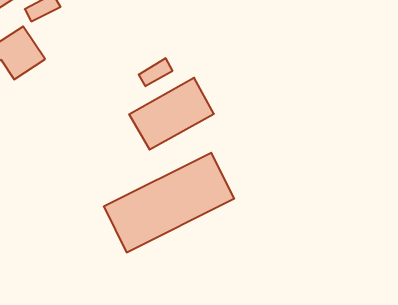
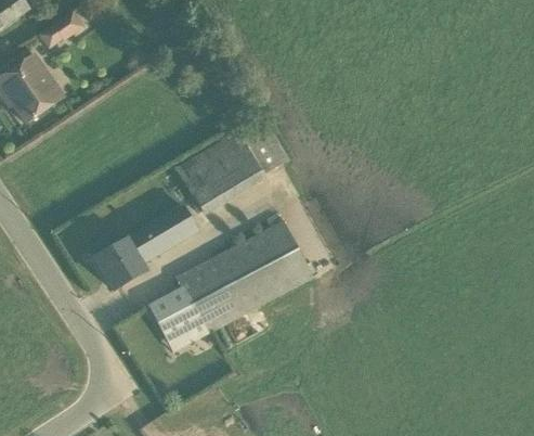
building: [139,58,172,86] -> none
building: none -> [92,204,197,291]

